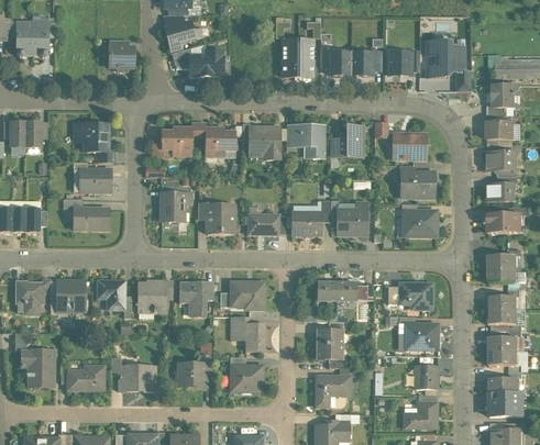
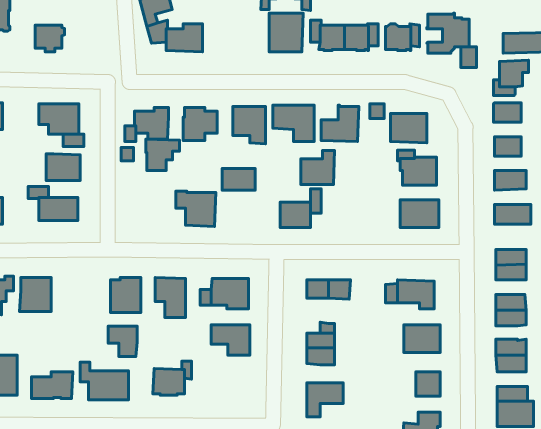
building: [109,46,135,70] -> [35,25,64,52]
building: [161,192,191,221] -> [146,139,180,171]
building: [337,203,367,234] -> [301,150,335,184]
building: [249,214,278,234] -> [222,168,255,190]
building: [98,281,124,309] -> [108,326,137,357]
building: [233,364,263,391] -> none

